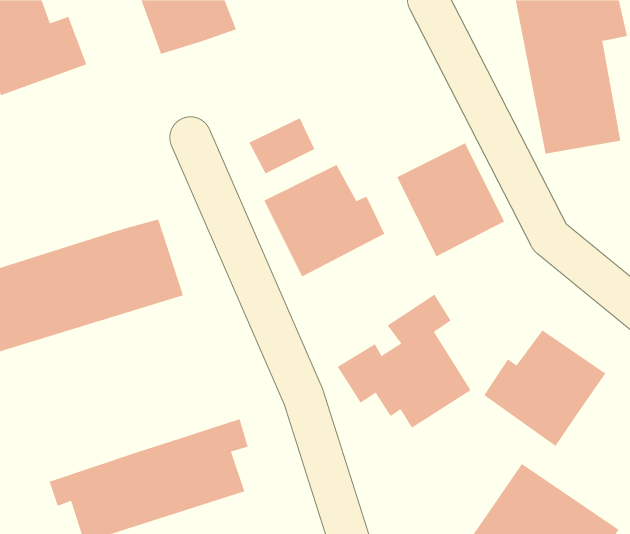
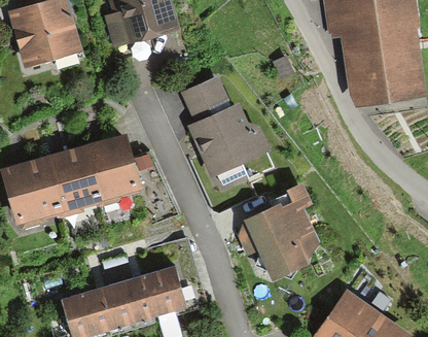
building: [396,143,505,257] -> none
building: [483,330,606,447] -> none

